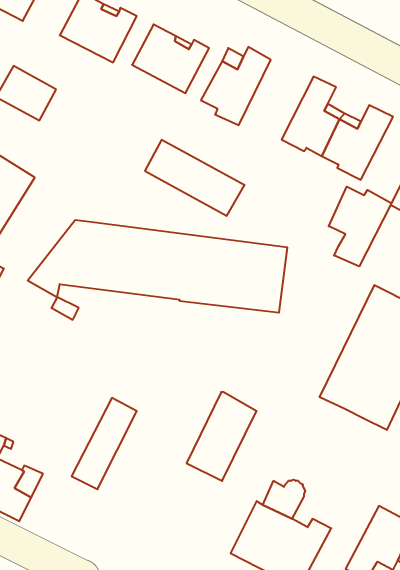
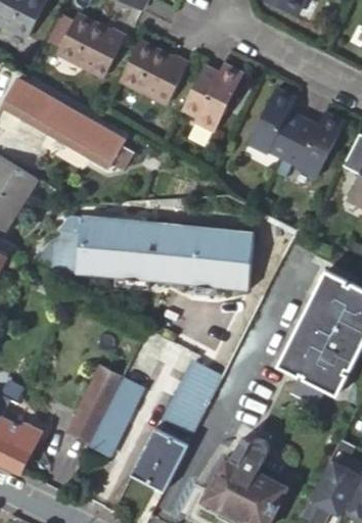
building: [145,140,245,216] -> [39,100,125,165]
building: [329,187,391,266] -> none
building: none -> [85,377,142,457]
building: none -> [135,429,191,491]

